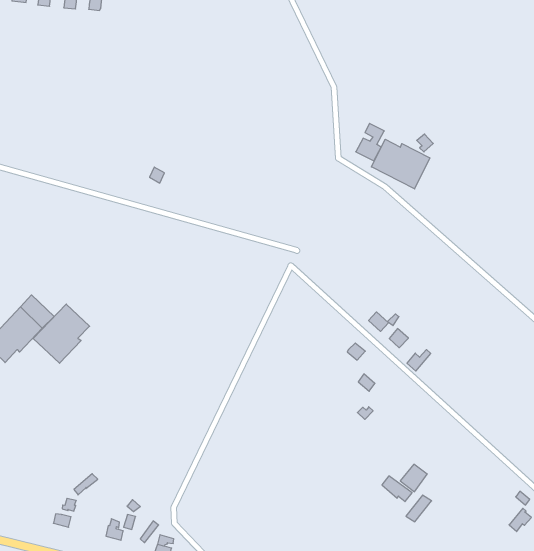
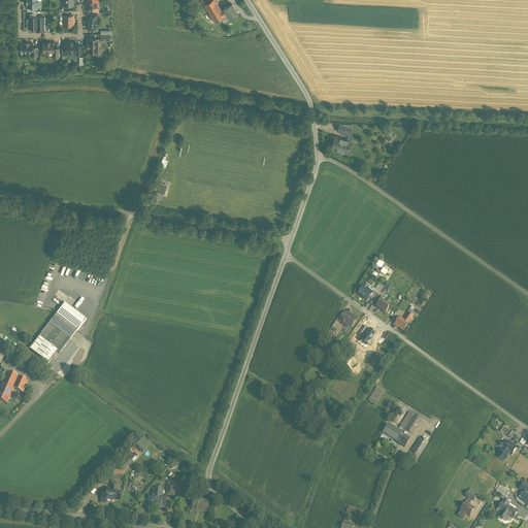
building: [371,139,430,189] -> none
building: [33,304,90,363] -> none

